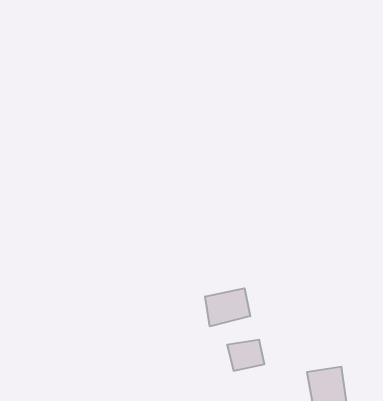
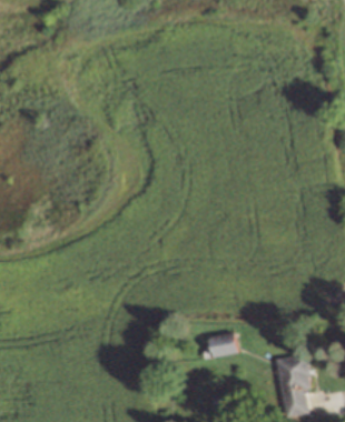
building: [205,288,250,326] -> none

